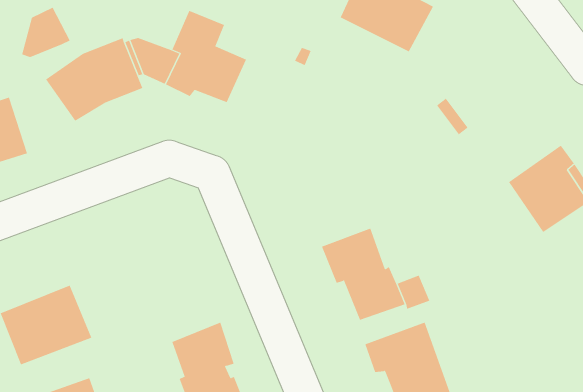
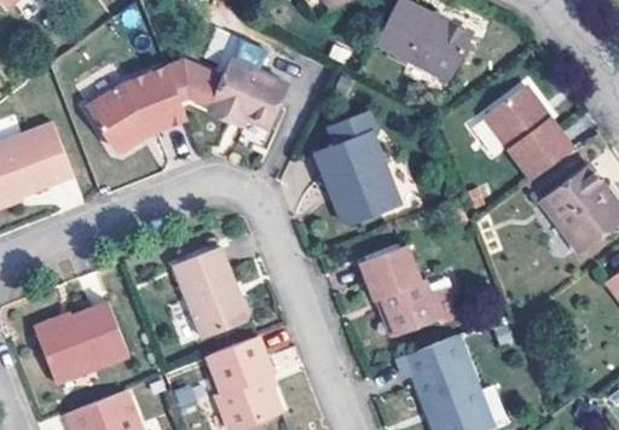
building: [21,7,71,58] -> none
building: none -> [484,81,575,178]
building: none -> [322,105,413,223]
building: none -> [175,248,250,338]

